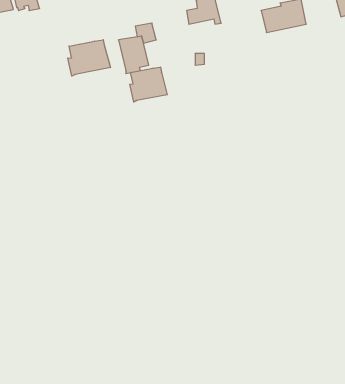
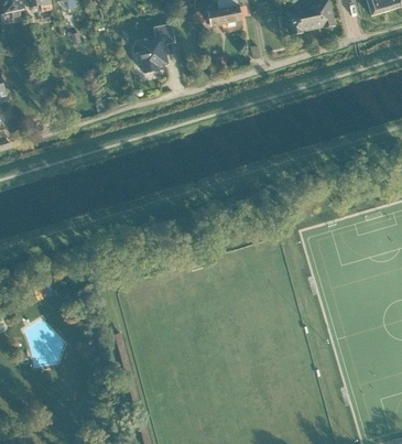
building: [68,40,110,76] -> none
building: [130,67,167,102] -> none

